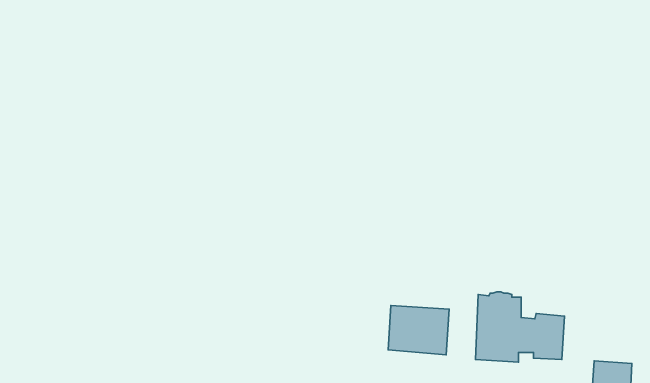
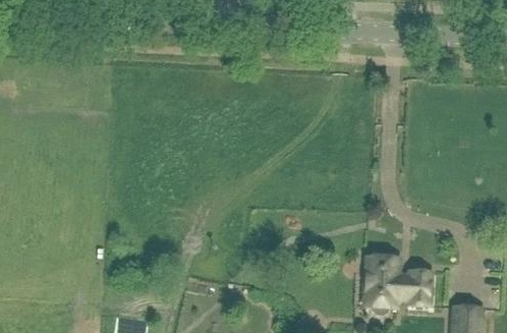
building: [388,305,449,355] -> none

